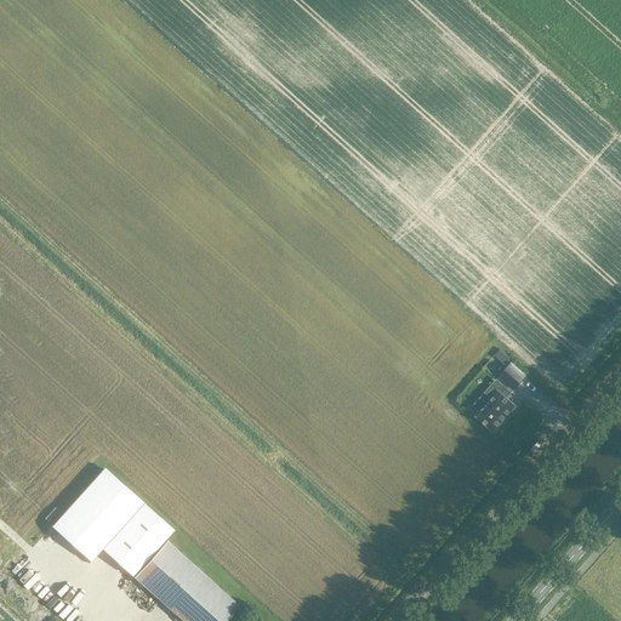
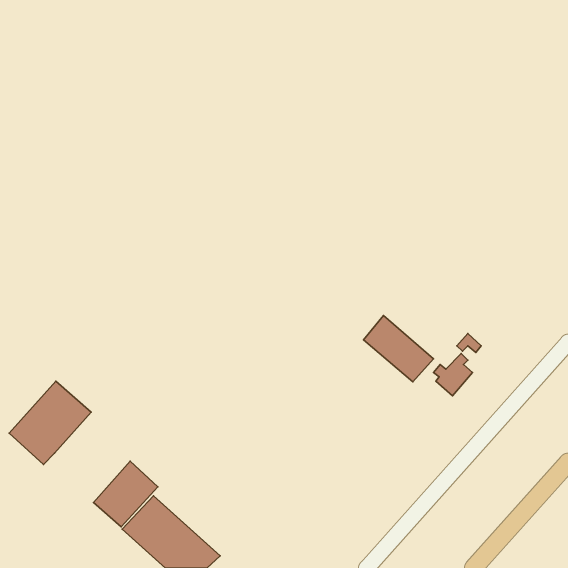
building: none -> [364,316,433,382]
building: [52,469,142,560] -> [9,381,91,464]

